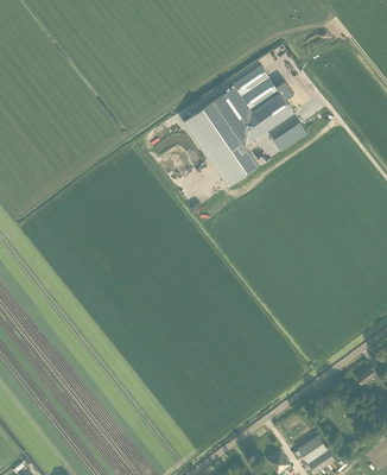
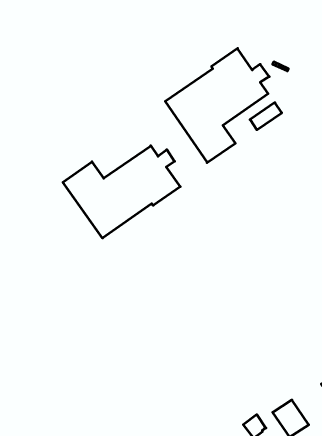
building: none -> [63,146,180,238]

